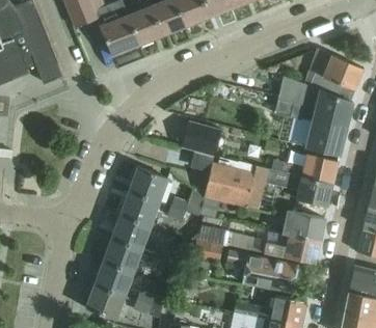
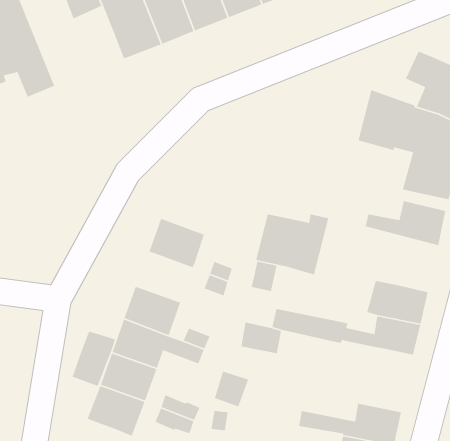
building: [181,120,222,157] -> none
building: [245,166,332,211] -> none
building: [119,190,160,225] -> none
building: none -> [72,331,116,387]
building: [224,249,298,292] -> none

